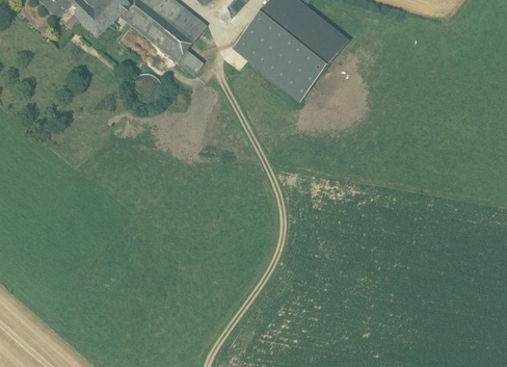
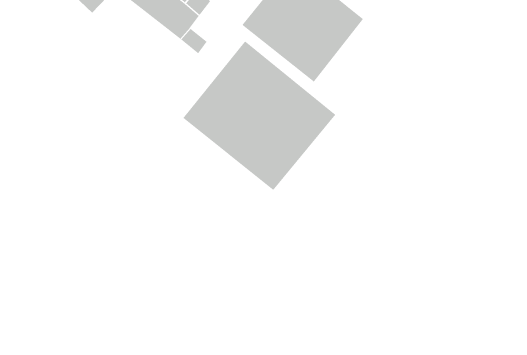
building: none -> [183,41,336,191]

